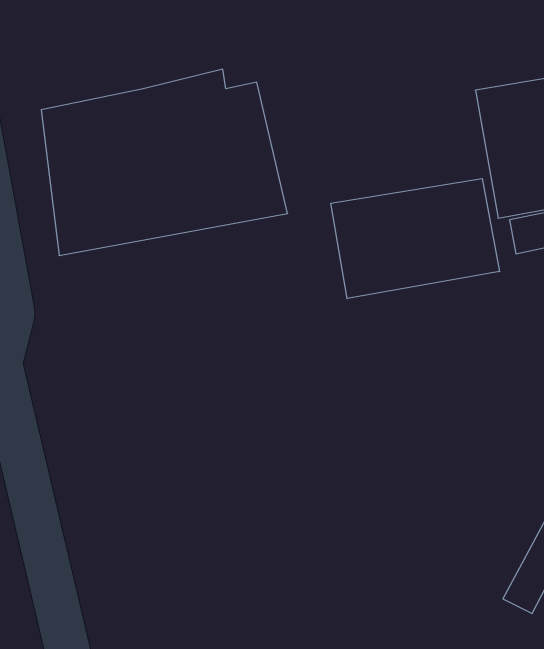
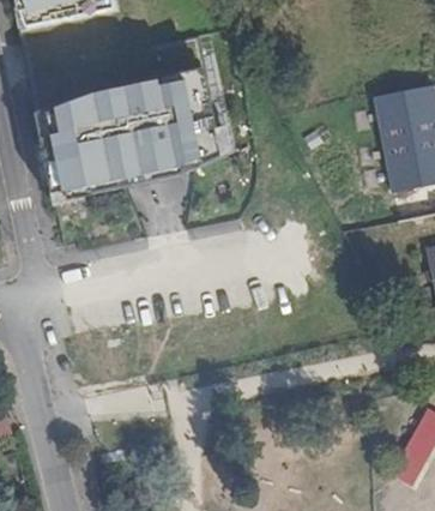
building: [331,179,500,299] -> none

